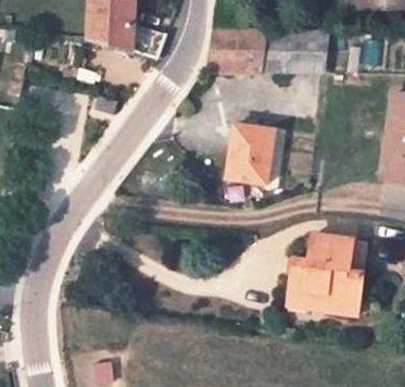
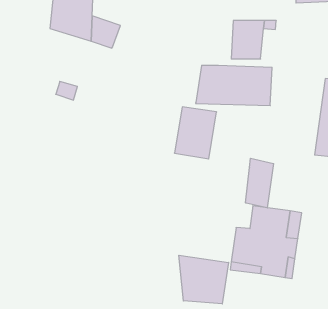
building: [205,27,290,72] -> [196,65,272,106]
building: none -> [246,158,274,208]
building: none -> [179,255,229,304]

